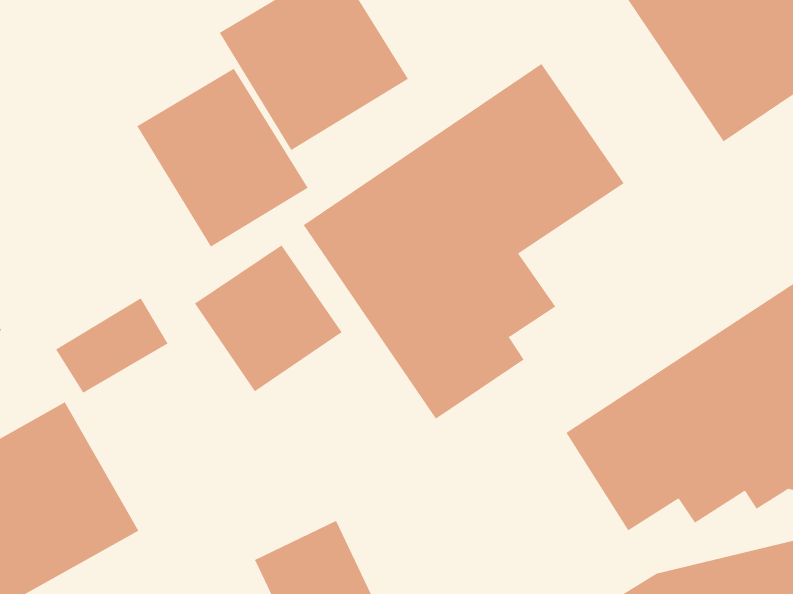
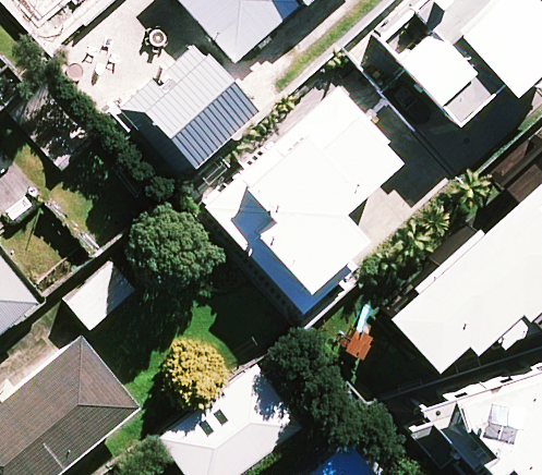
building: [137,68,308,248] -> none
building: [194,245,343,392] -> none

